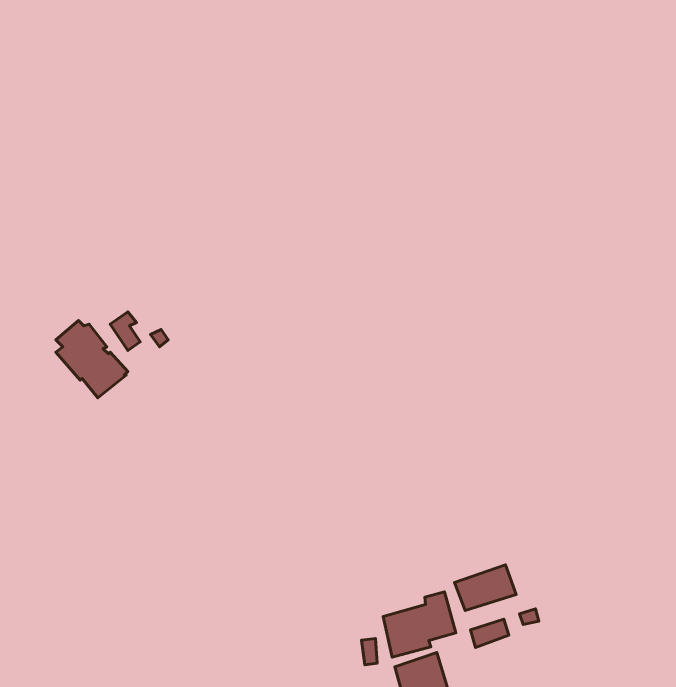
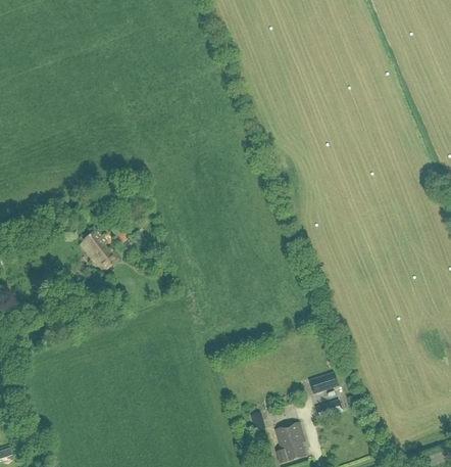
building: [383,592,456,657] -> none

